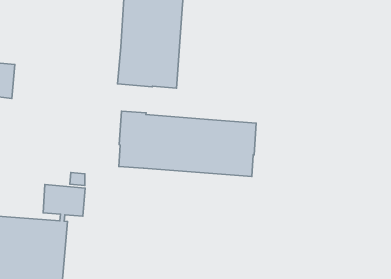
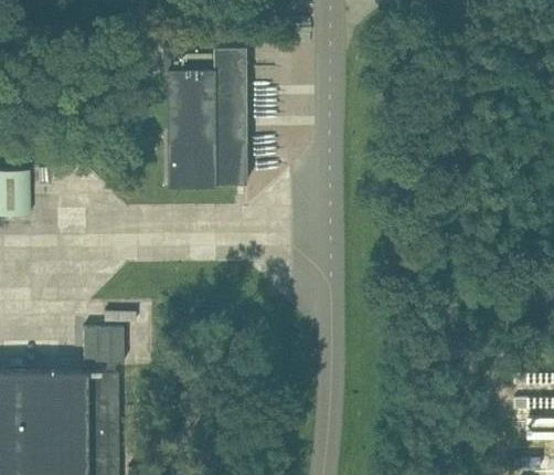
building: [119,111,256,177] -> none

